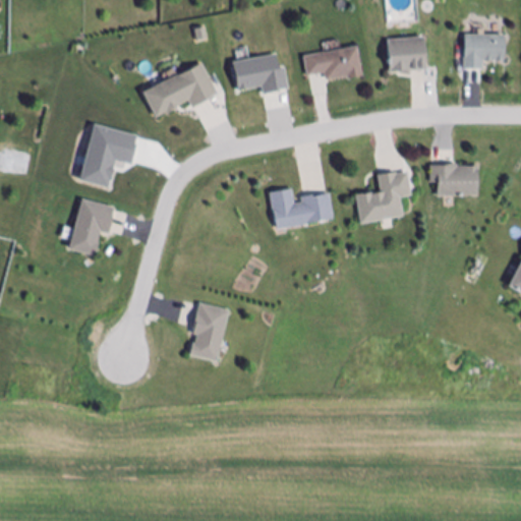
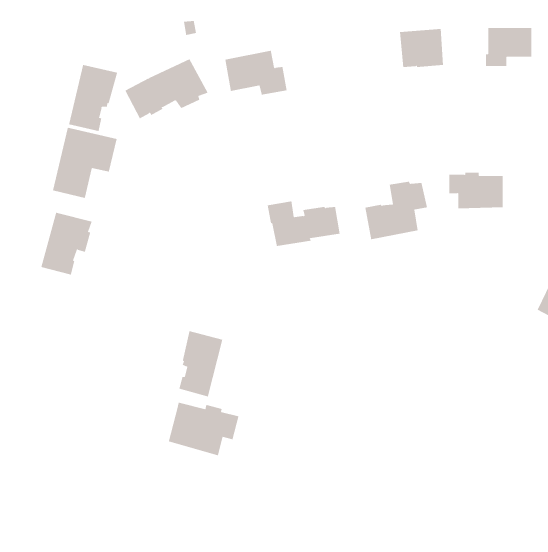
building: [302,46,361,80] -> none
building: none -> [68,64,118,132]
building: none -> [168,402,239,456]

